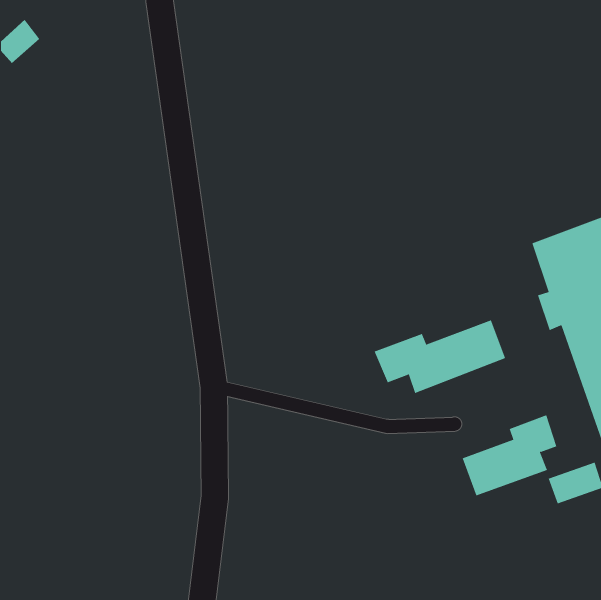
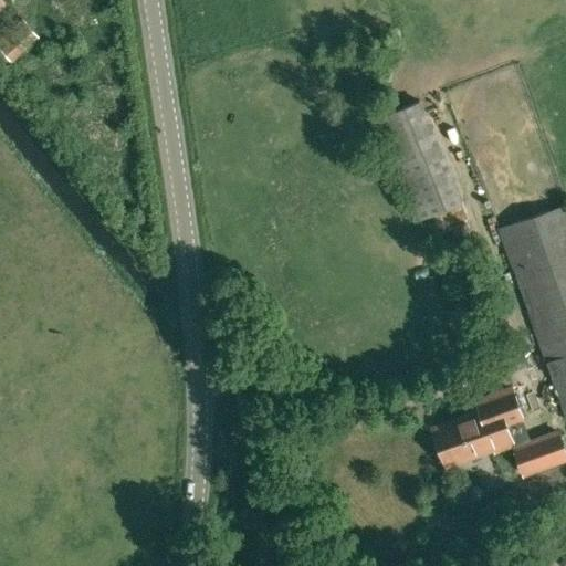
building: none -> [378,104,464,224]
building: [374,319,506,394] -> none

